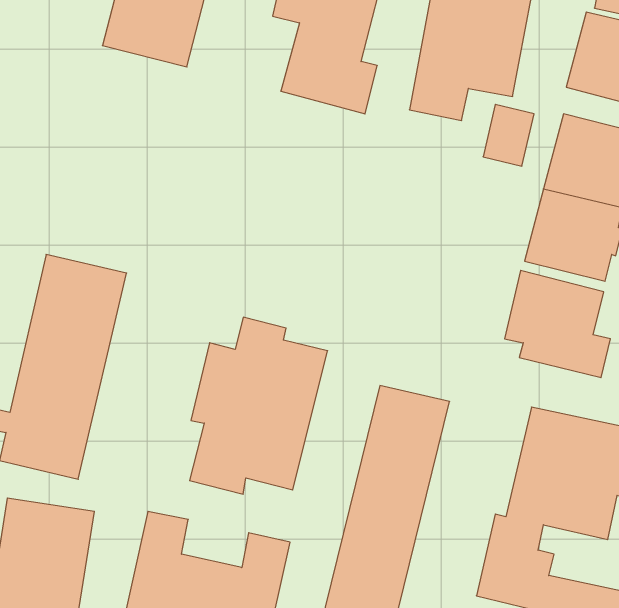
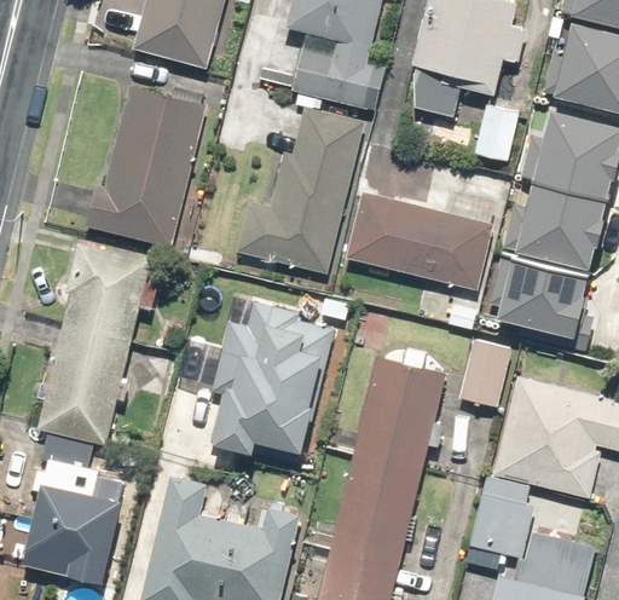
building: none -> [89,88,204,241]
building: none -> [236,108,363,277]
building: none -> [349,191,498,293]
building: none -> [459,340,509,408]

